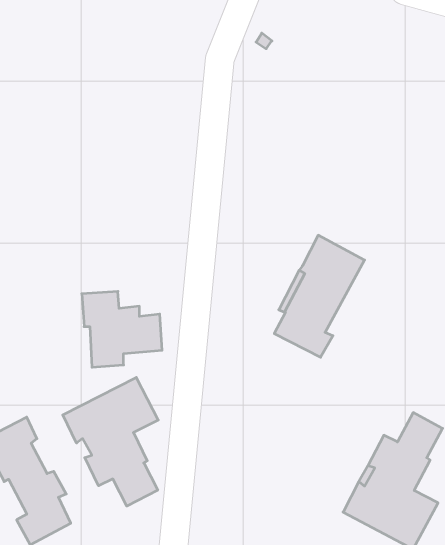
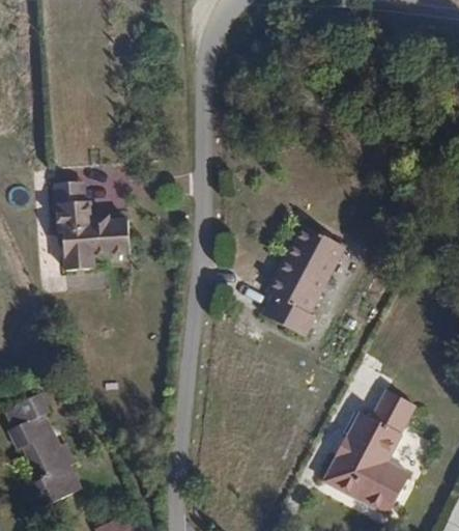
building: [82,291,162,367] -> [53,198,126,268]
building: [63,377,158,506] -> none

